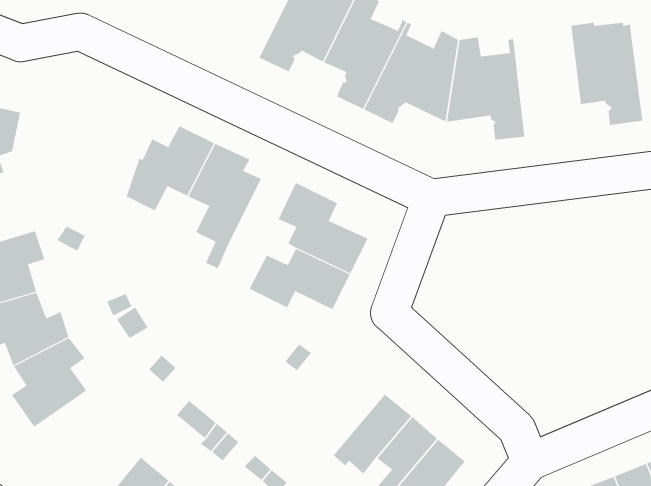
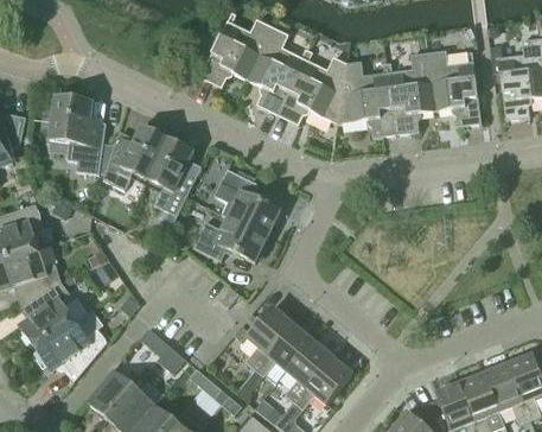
building: none -> [387,52,435,134]
building: none -> [49,96,106,173]
building: none -> [234,306,292,368]
building: none -> [34,320,107,381]

